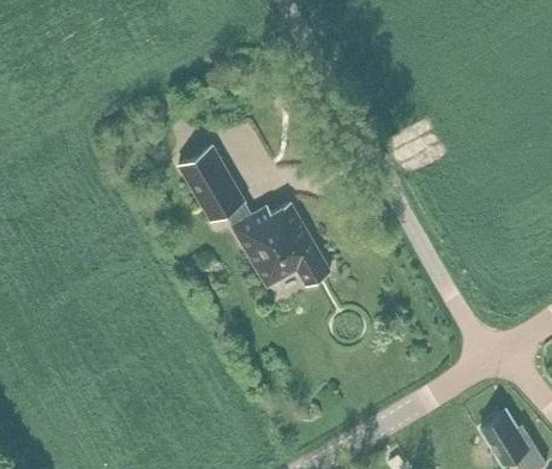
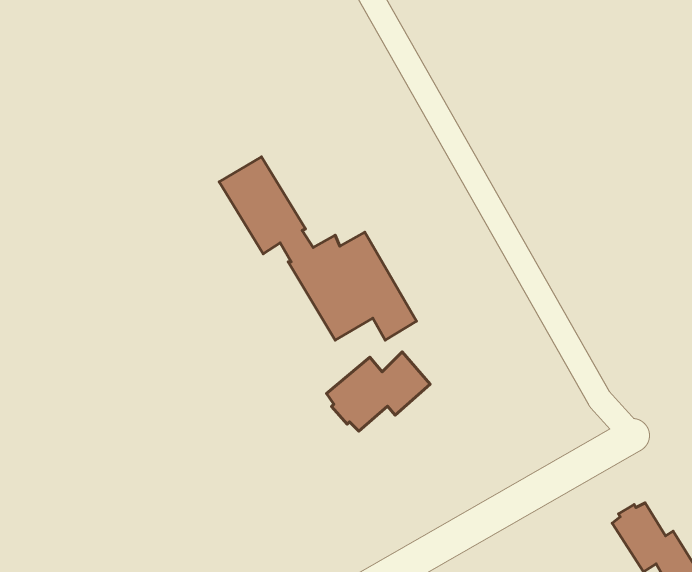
building: none -> [326,352,430,431]

